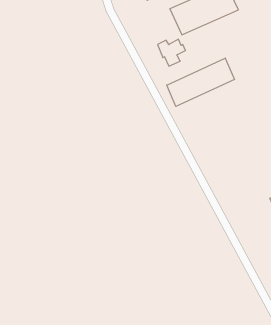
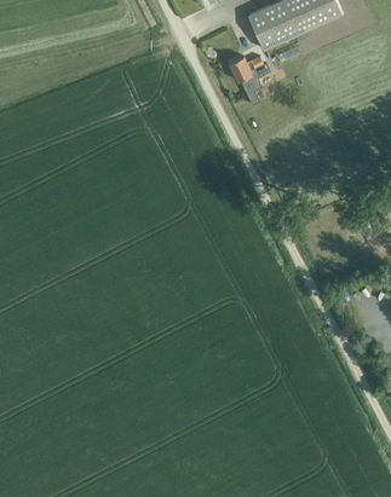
building: [167,58,235,106] -> none

